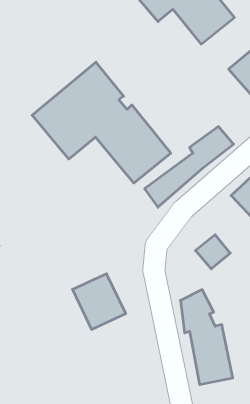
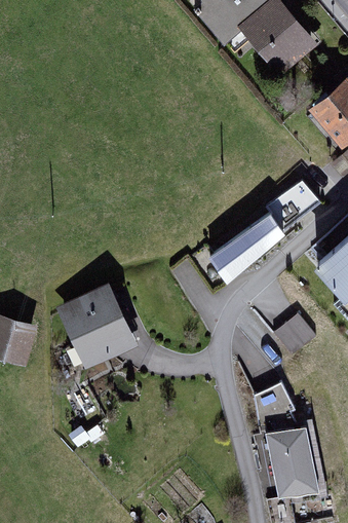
building: [32,62,171,183] -> none
building: [72,274,126,329] -> [64,291,129,360]

